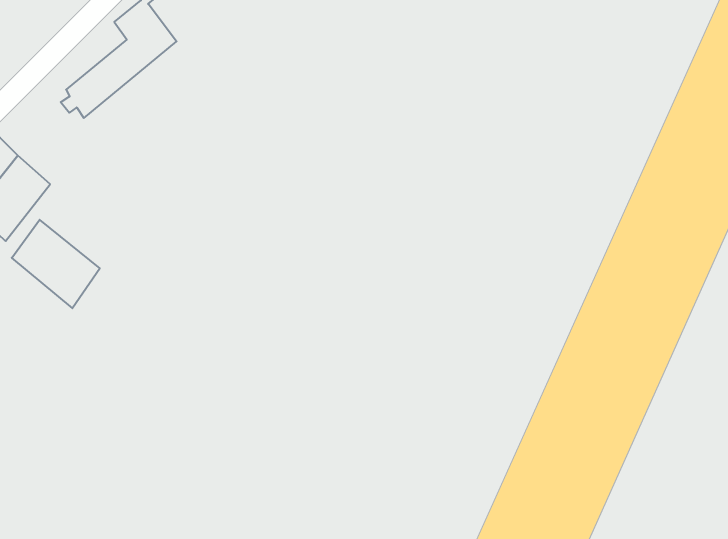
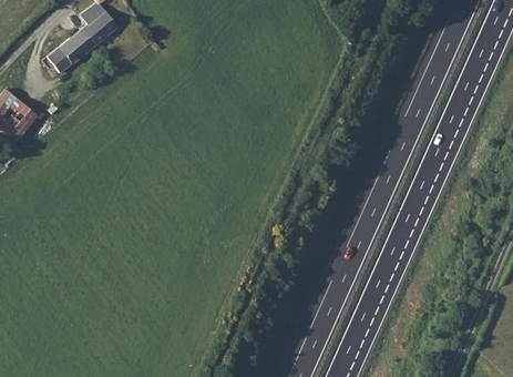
building: [12,220,100,308] -> none

